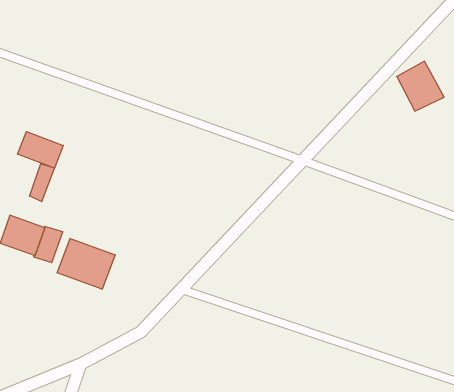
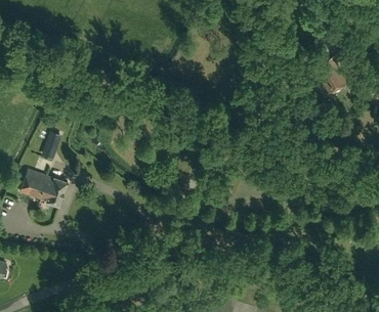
building: [18,132,63,168] -> none
building: [57,238,115,289] -> none

